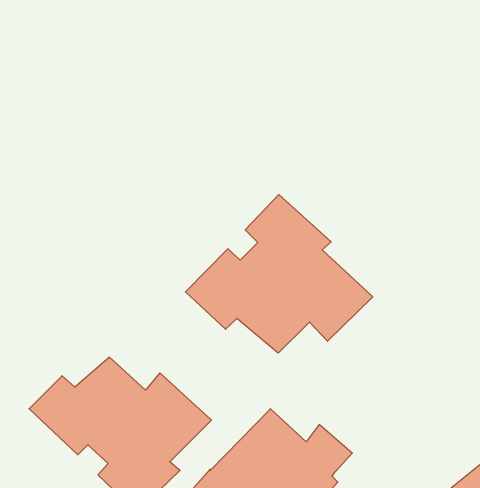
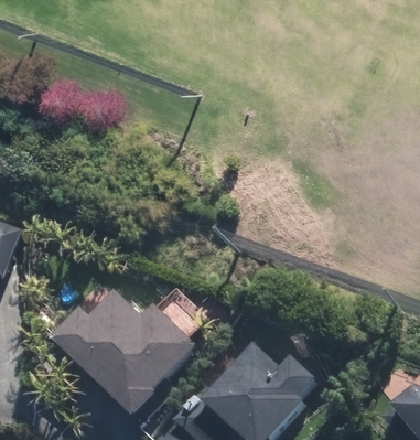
building: [185,195,373,353] -> none

